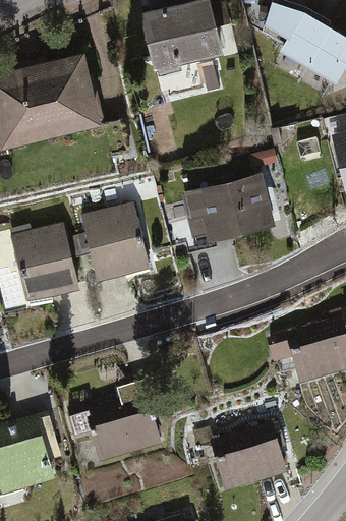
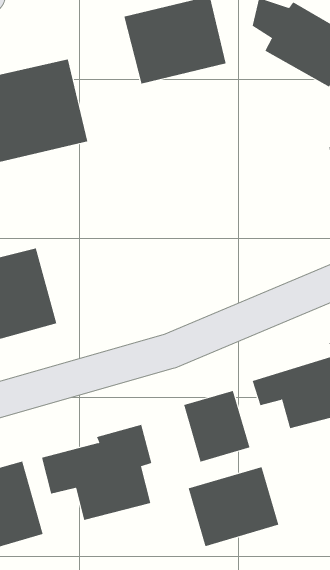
building: [177,167,266,246] -> none
building: [77,197,154,285] -> none
building: none -> [183,390,250,462]

